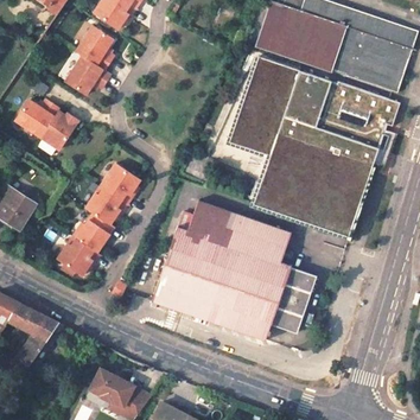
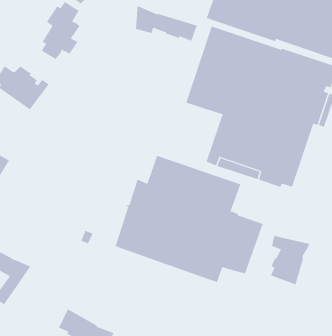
building: none -> [136,5,197,41]
building: [84,163,142,225] -> none
building: [58,219,113,274] -> none
building: none -> [270,235,311,285]

